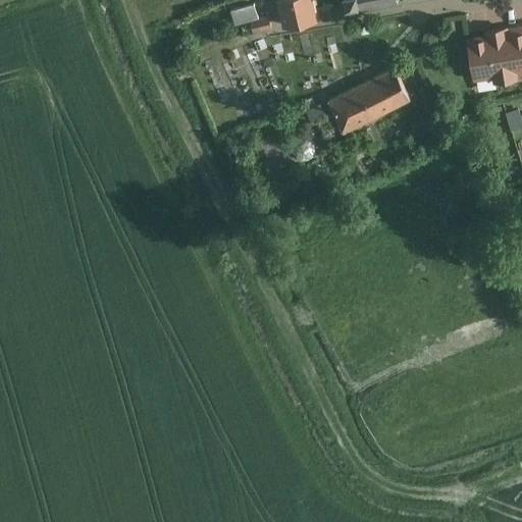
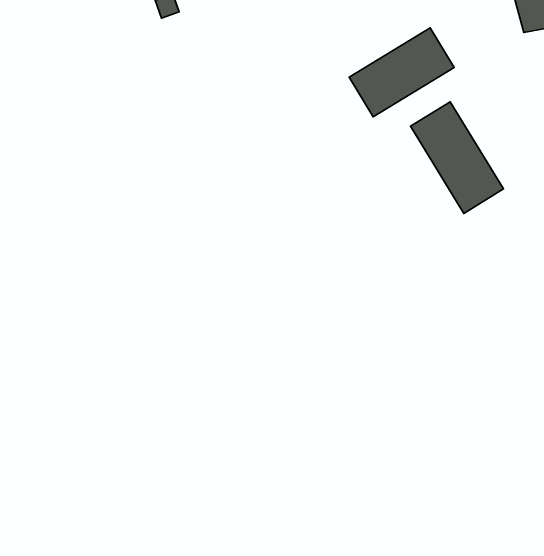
building: none -> [411,102,503,213]

